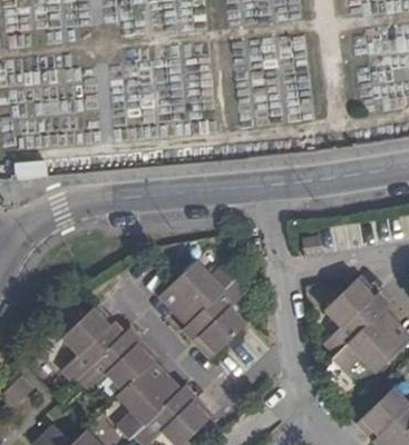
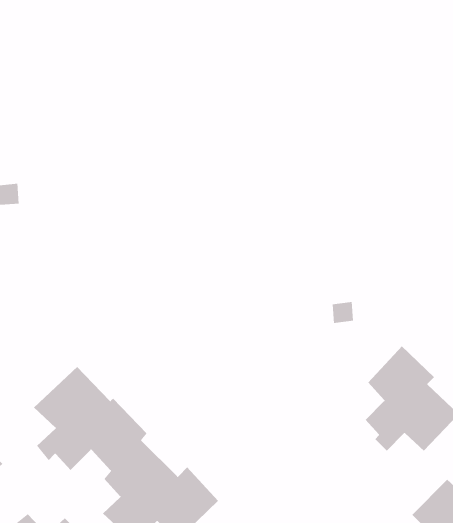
building: [158,263,245,354] -> none

